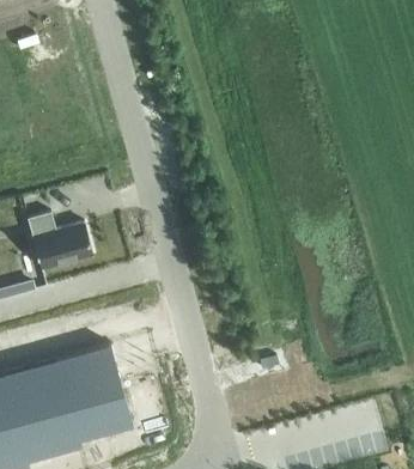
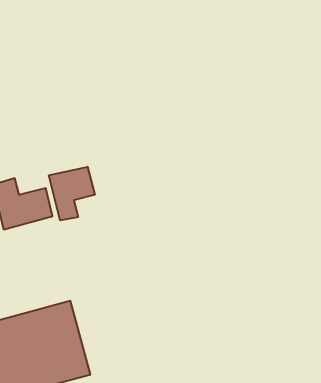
building: none -> [49,167,95,220]

